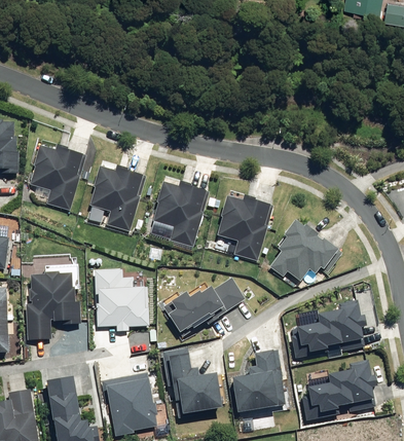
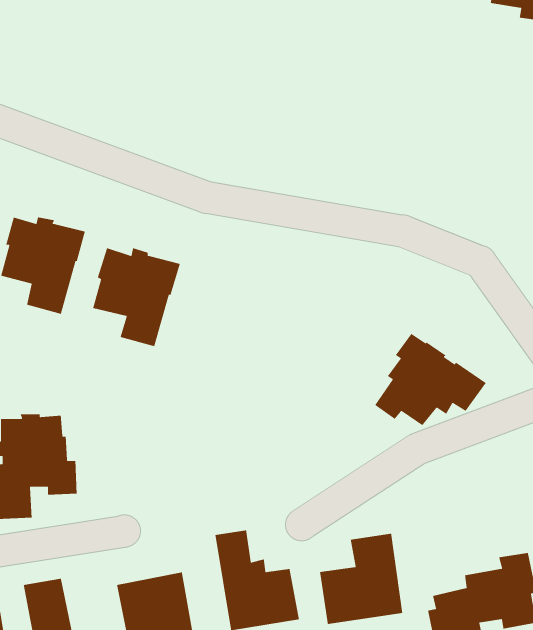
building: [153,183,209,247] -> none
building: [218,196,273,260] -> none
building: [91,271,155,328] -> none
building: [163,279,244,333] -> none
building: [293,300,364,358] -> none

